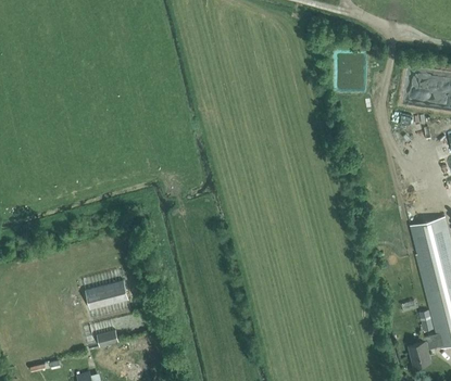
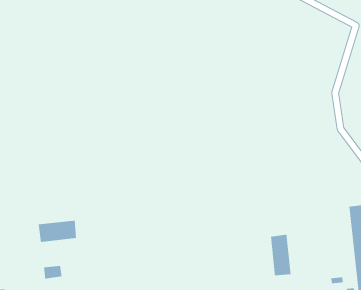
building: none -> [270,234,292,276]

